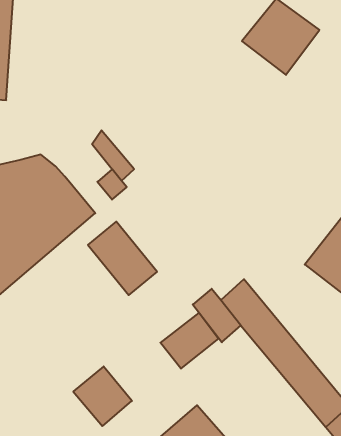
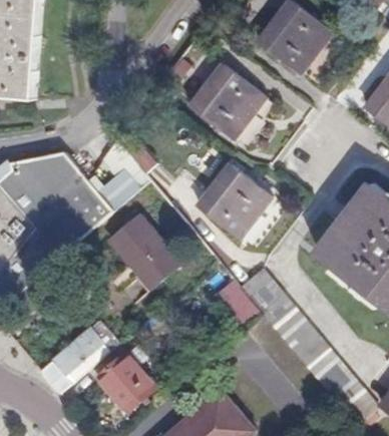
building: none -> [189,64,263,138]
building: none -> [197,165,270,239]
building: [160,313,219,369] -> none
building: none -> [36,326,107,394]

